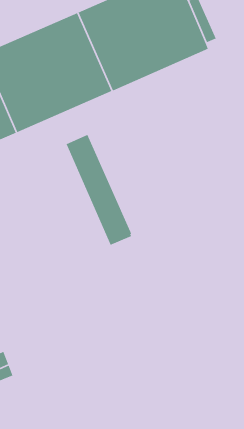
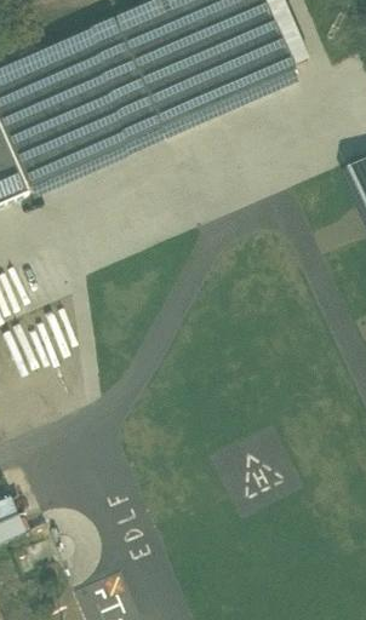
building: [66,134,132,246] -> none

